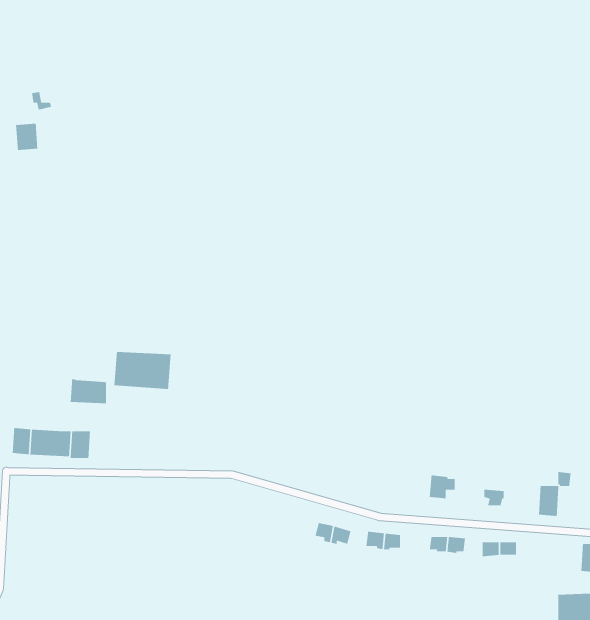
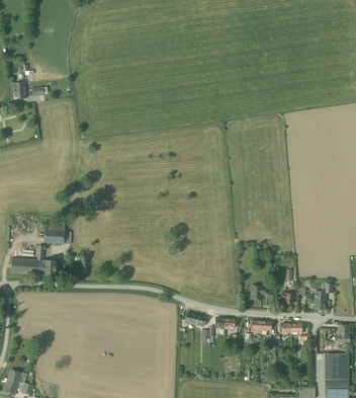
building: [113,351,171,390] -> none

